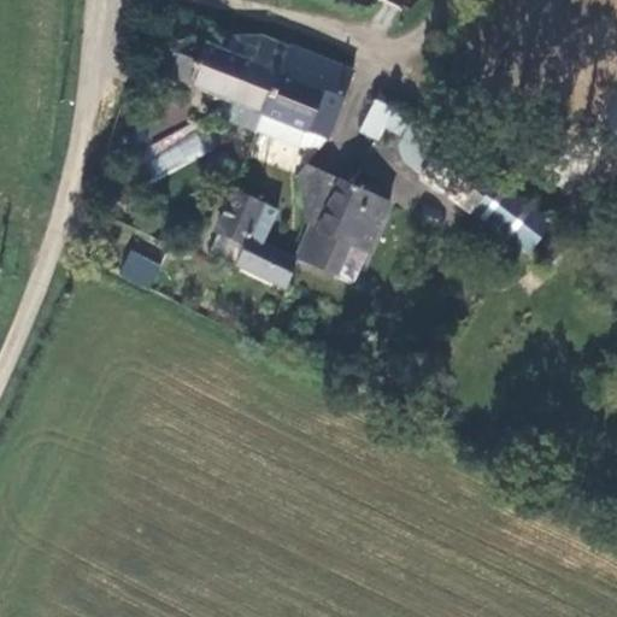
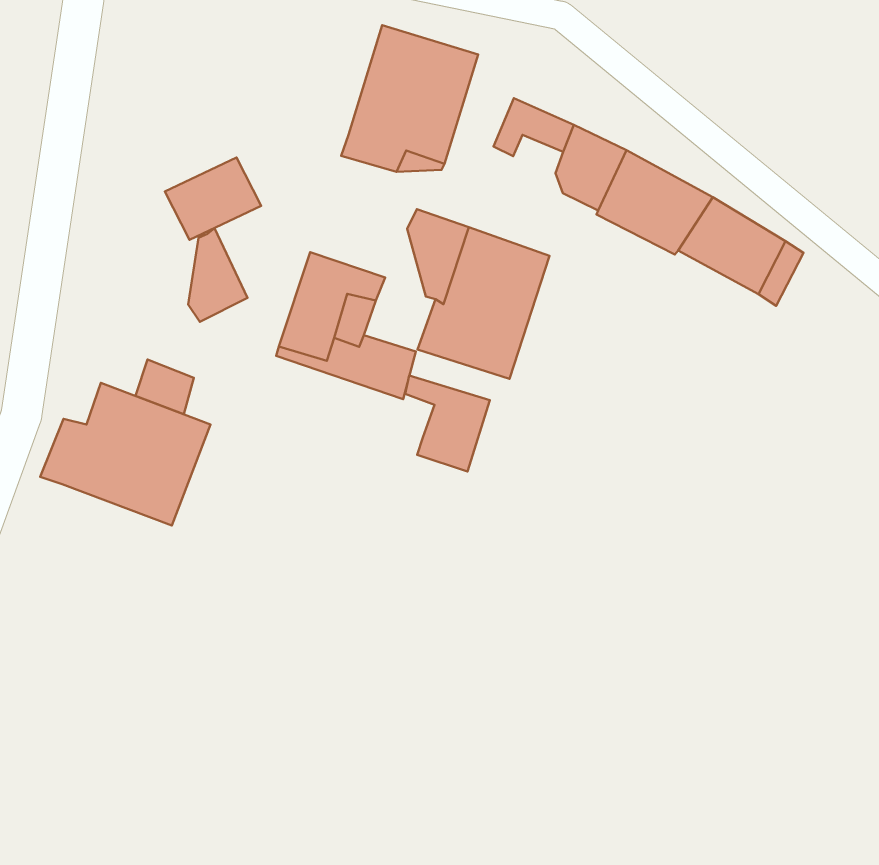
building: [171,31,293,114] -> none
building: none -> [188,228,248,322]
building: none -> [40,383,210,526]
building: none -> [405,376,490,471]

